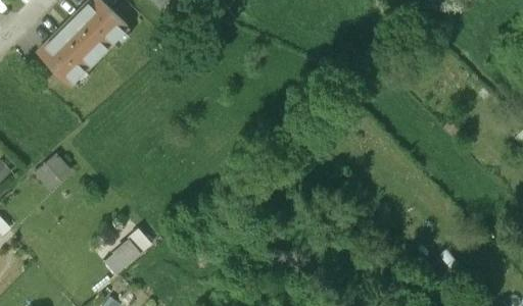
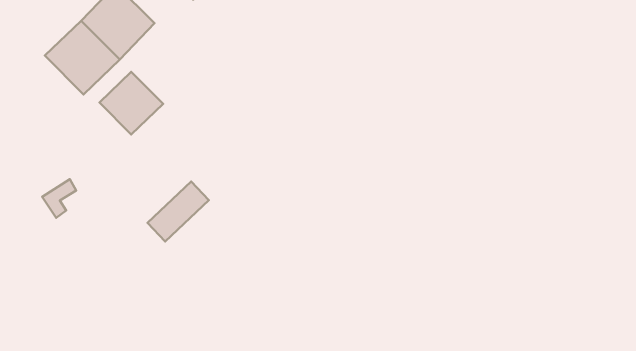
building: none -> [99,72,163,135]
building: [103,225,153,274] -> [148,182,209,241]

